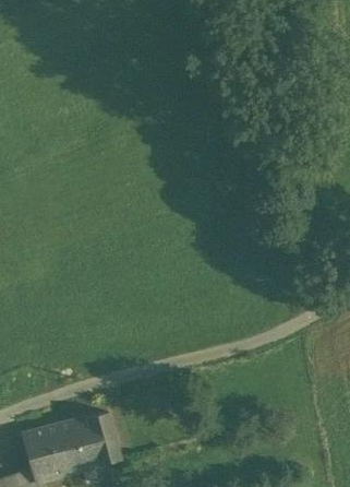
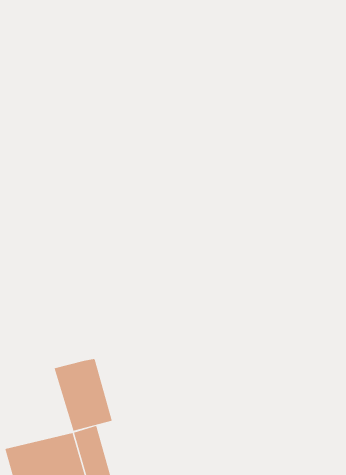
building: none -> [54,358,112,431]

